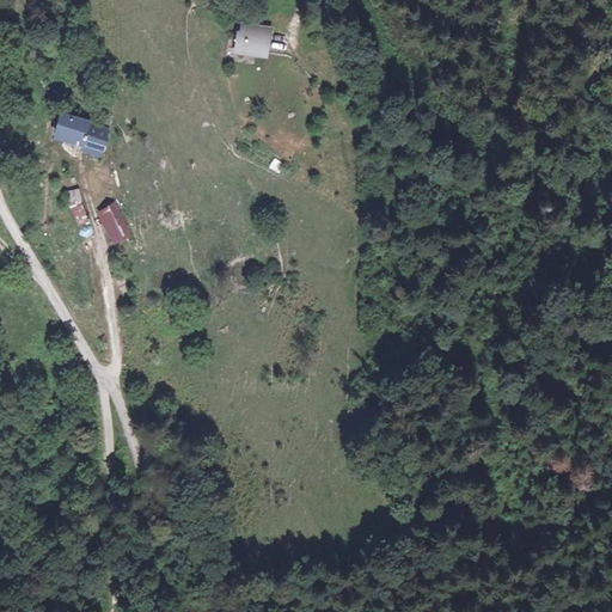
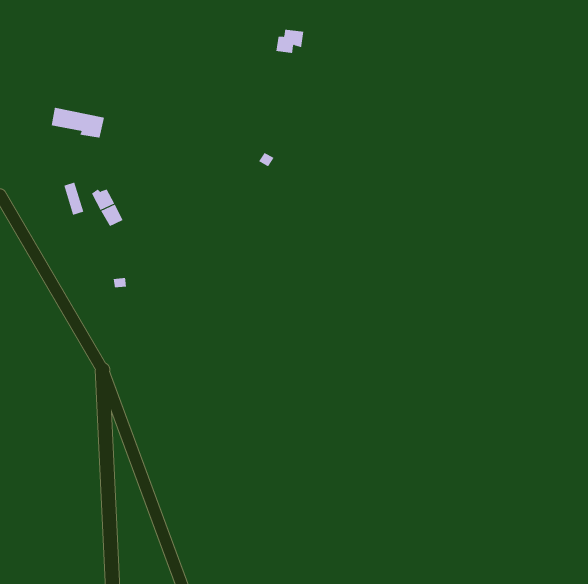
building: [234,31,264,56] -> [275,29,304,53]

